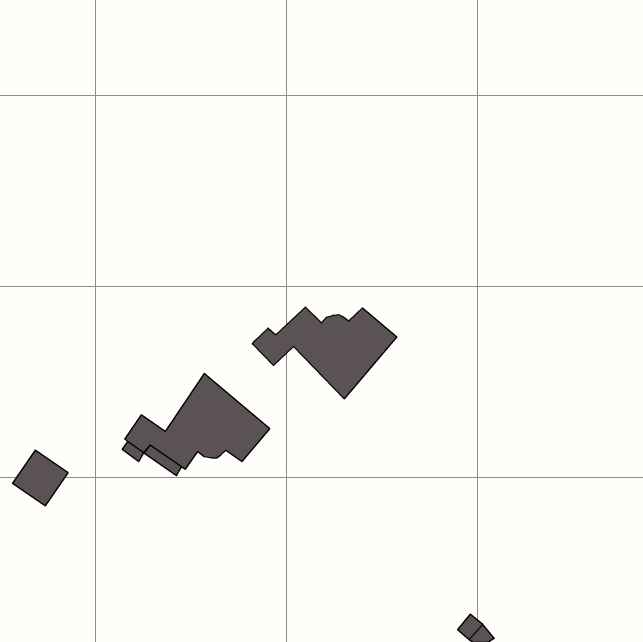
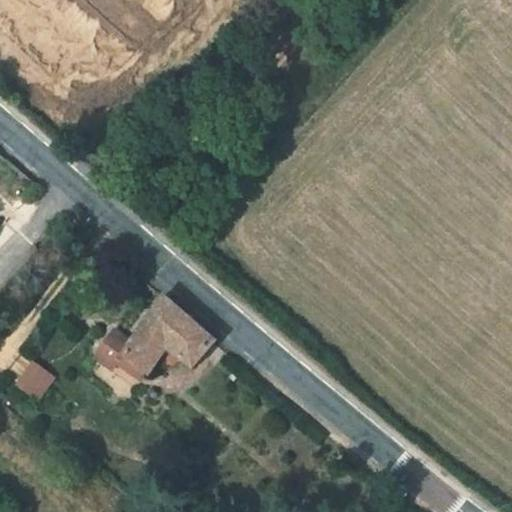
building: [252,307,397,399] -> none

